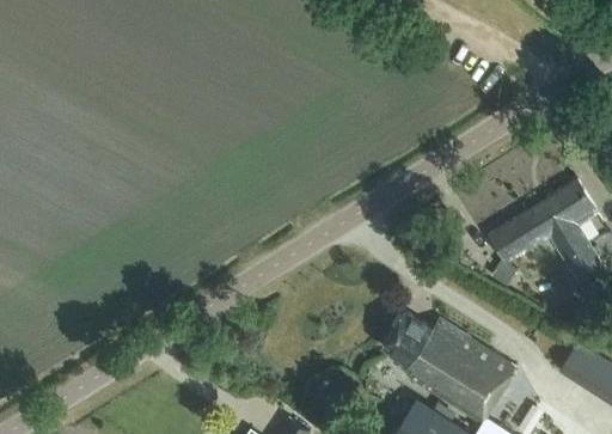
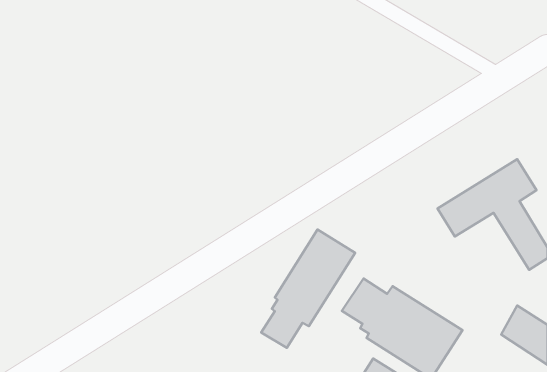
building: none -> [261,230,355,348]

